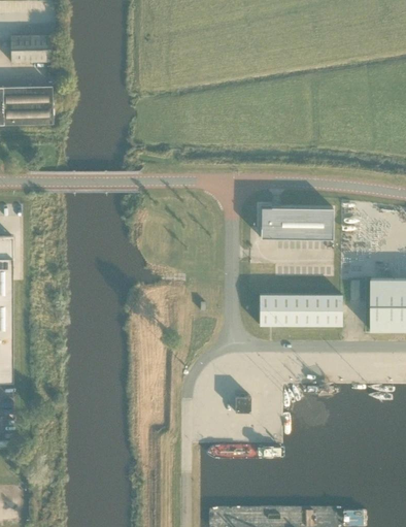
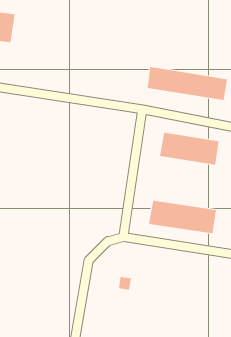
building: none -> [147,66,228,101]

